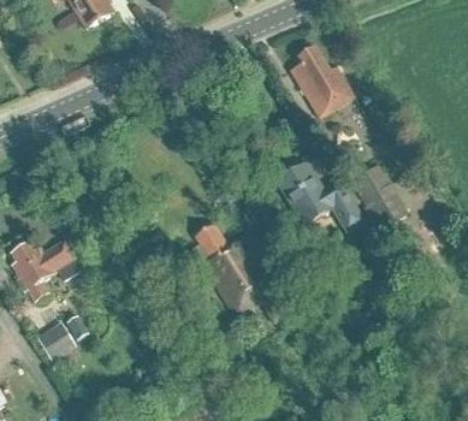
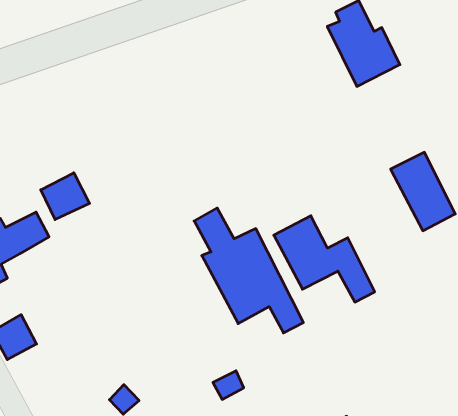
building: [278,164,363,231] -> [274,216,375,302]
building: none -> [41,173,90,220]

